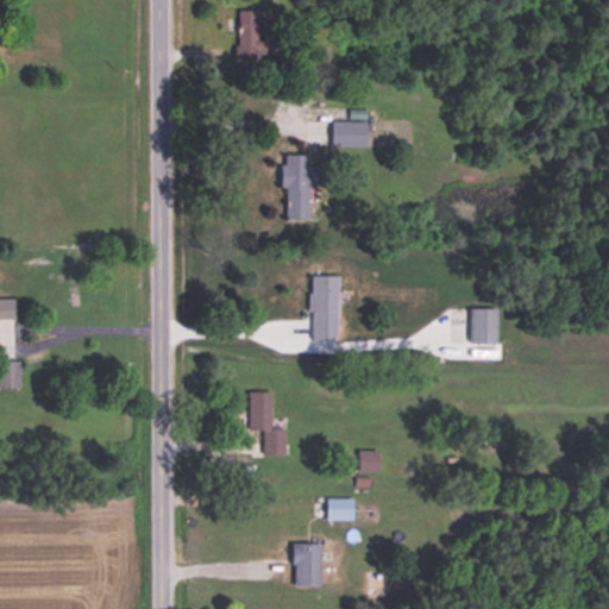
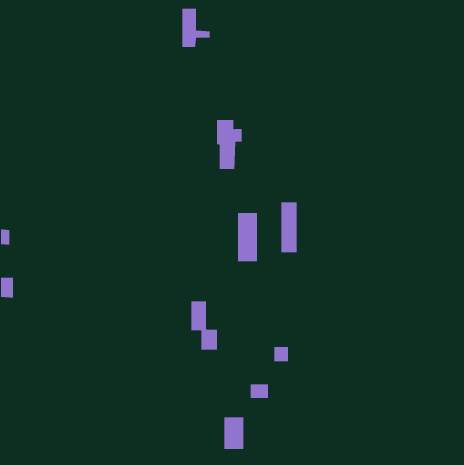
building: [333,121,368,146] -> none
building: none -> [281,202,297,253]
building: [470,309,498,344] -> none

